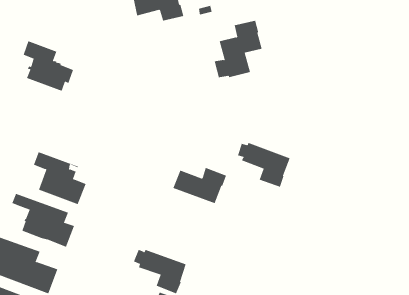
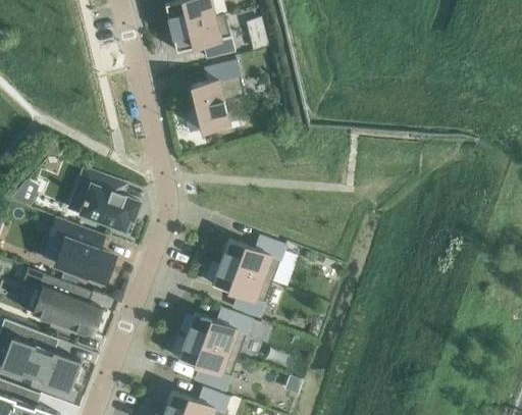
building: [214,20,262,78] -> [185,62,244,133]
building: [23,40,74,91] -> [76,168,139,230]
building: [237,142,290,187] -> [206,263,271,318]
building: none -> [179,311,251,356]

